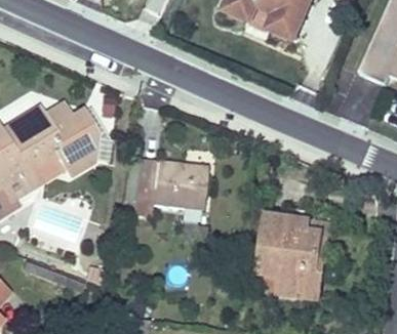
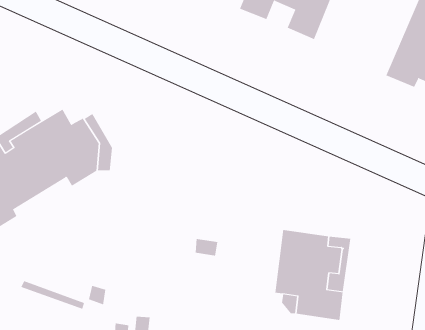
building: [133,159,206,216] -> none

